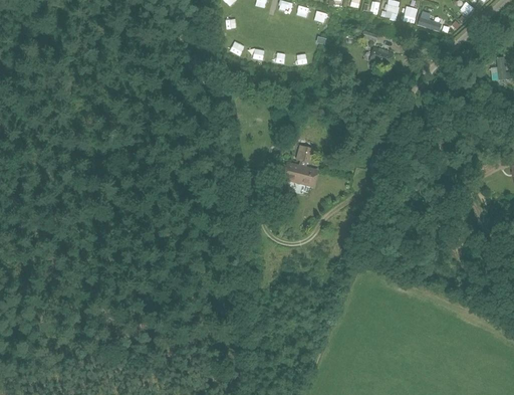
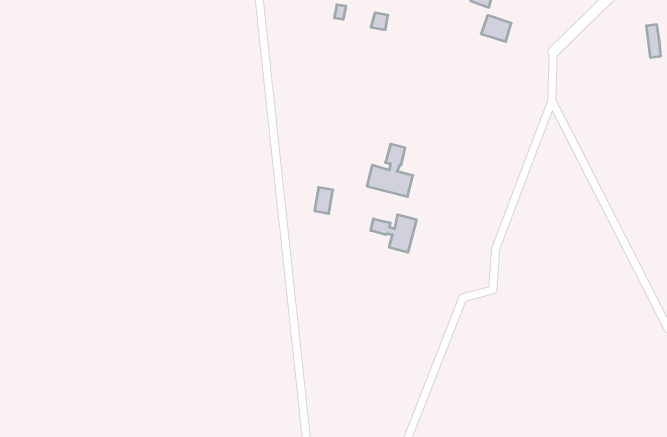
building: none -> [371,215,416,252]

